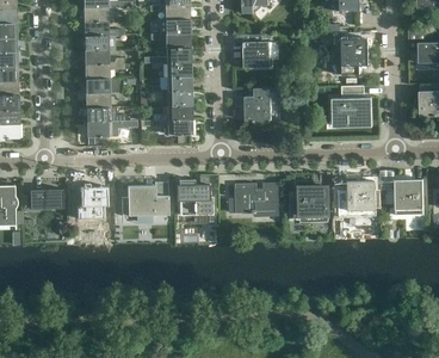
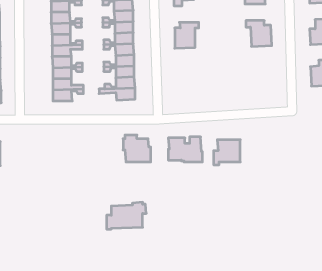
building: [332,86,372,128] -> none
building: [245,87,282,123] -> none
building: [347,178,381,217] -> none
building: [72,179,113,216] -> none
building: [395,179,423,216] -> none
building: [122,181,173,216] -> [107,202,146,229]
building: [30,189,63,209] -> none

